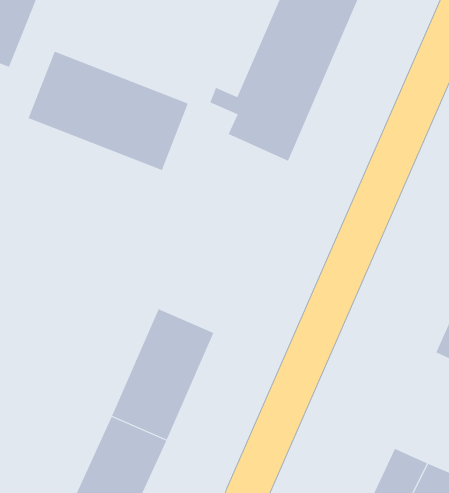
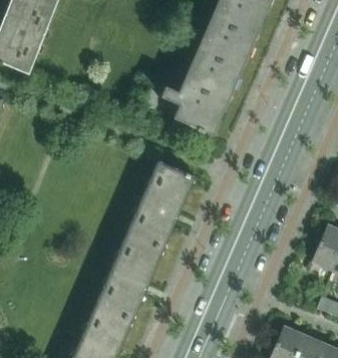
building: [28,51,189,171] -> none
building: none -> [126,160,195,249]

